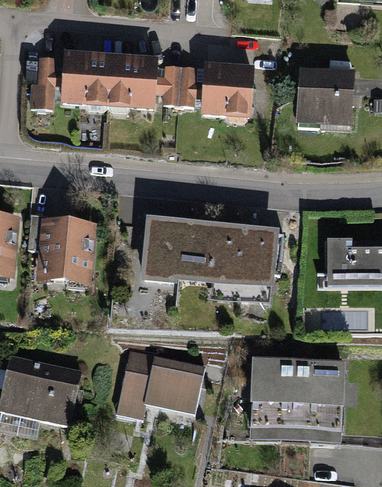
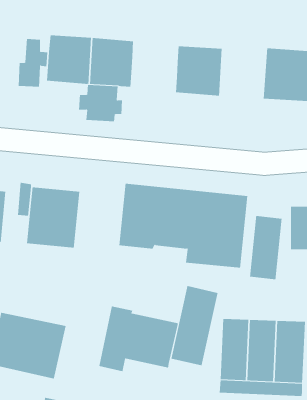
building: [154,64,203,105] -> [78,84,123,122]
building: none -> [249,215,282,280]
building: none -> [171,285,218,366]

